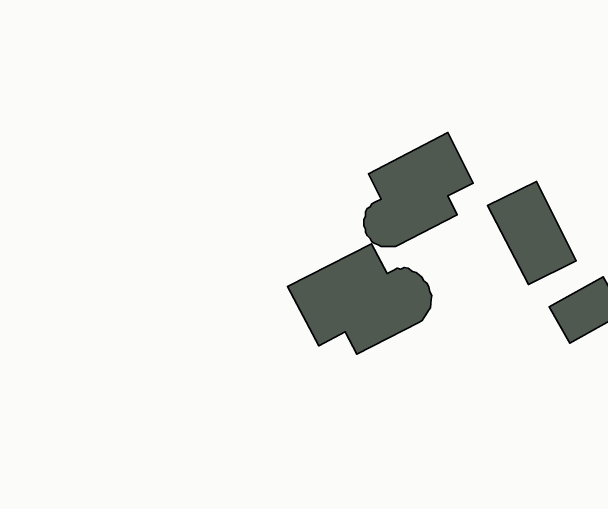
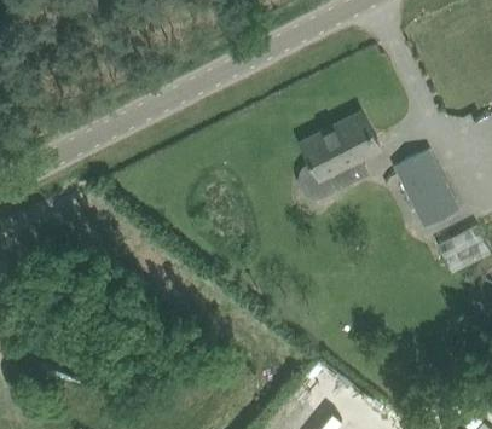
building: [288,244,432,354] -> none

